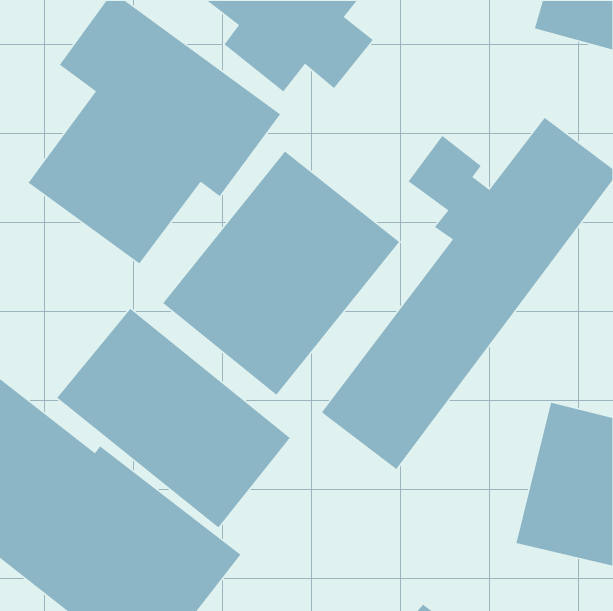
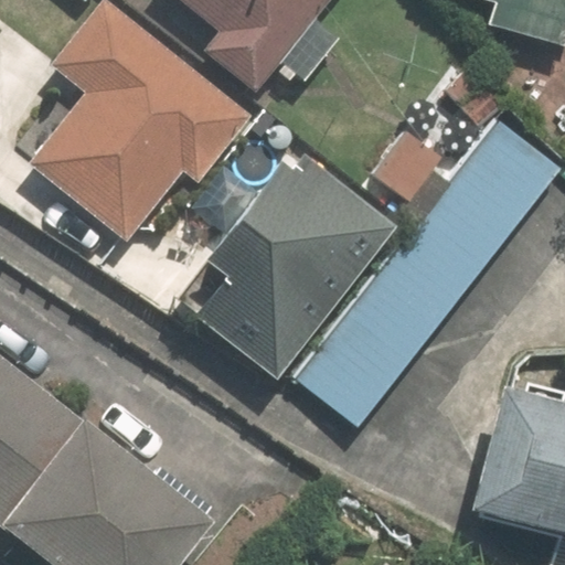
building: [56,308,291,529] -> none

